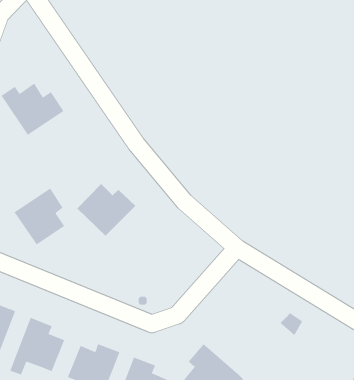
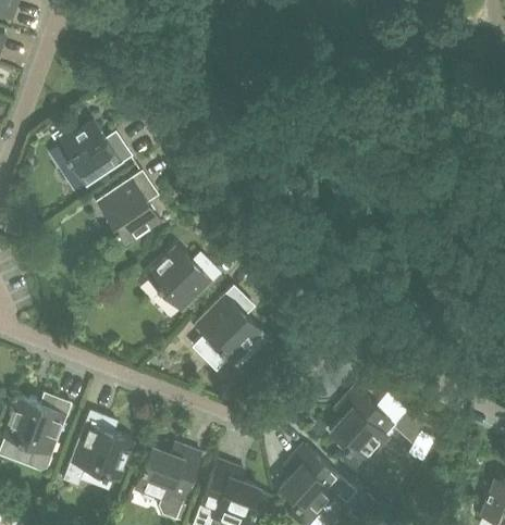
building: [14,188,65,245] -> [95,172,159,243]
building: none -> [194,287,267,368]
building: none -> [330,389,395,473]

